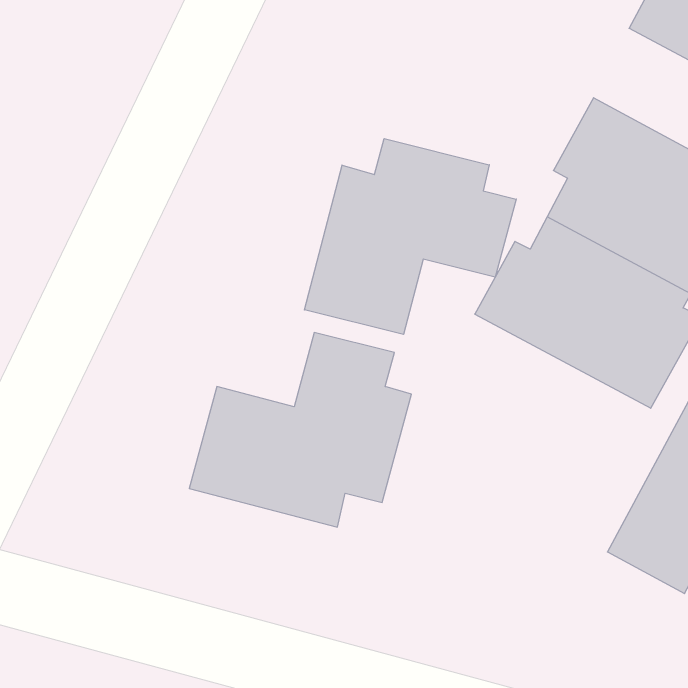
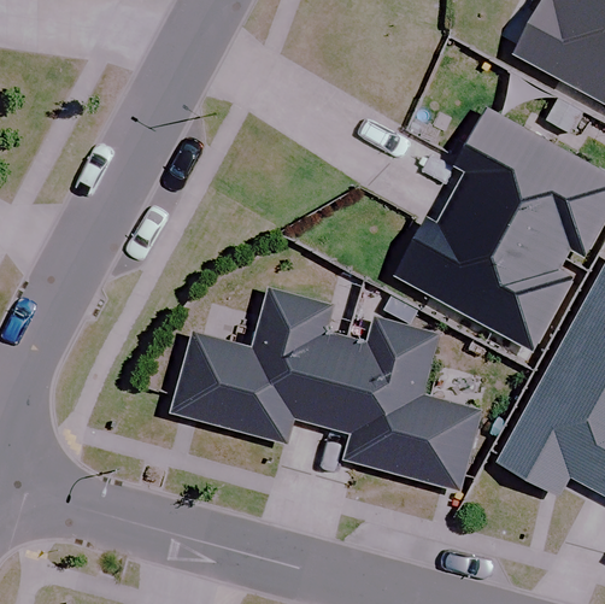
building: [304,139,516,334] -> none
building: none -> [321,318,480,491]

